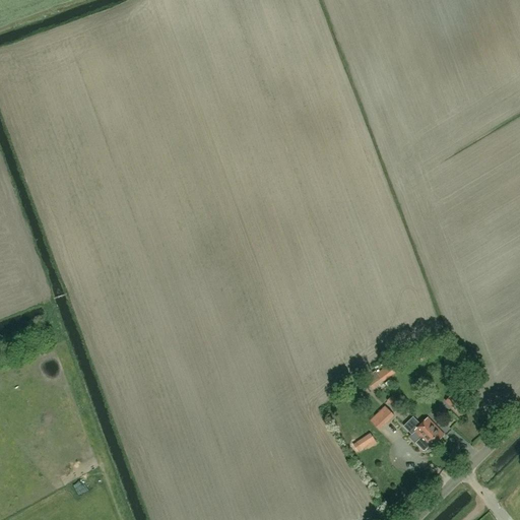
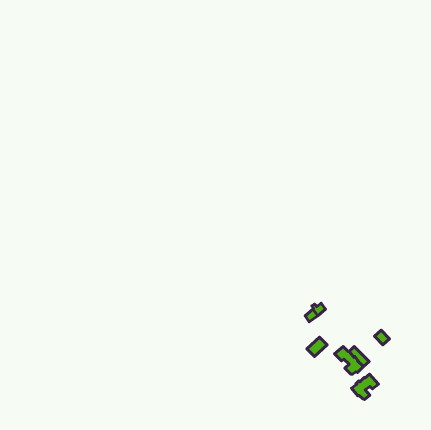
building: none -> [351,374,378,399]

